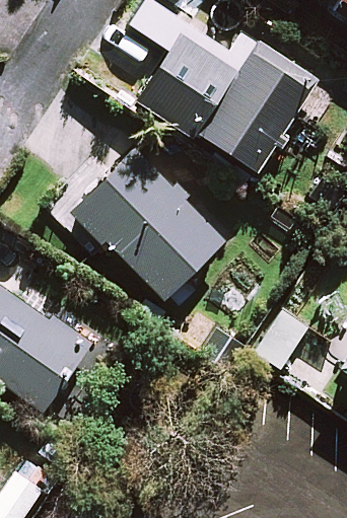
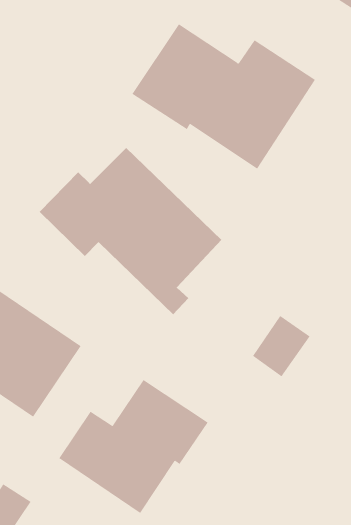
building: none -> [58,379,208,514]

